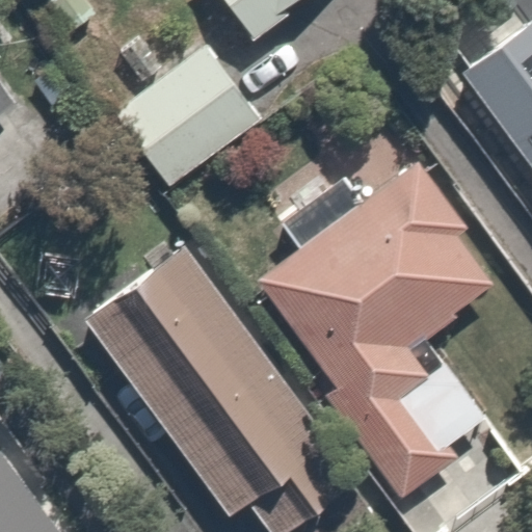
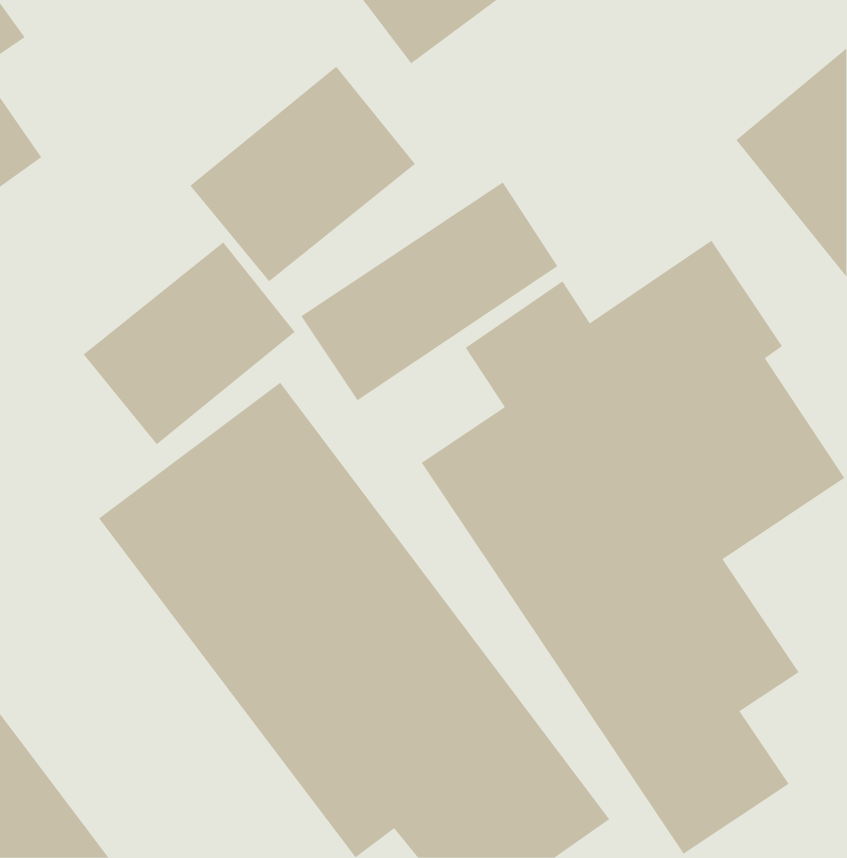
building: none -> [300,181,558,401]
building: none -> [83,242,295,445]

